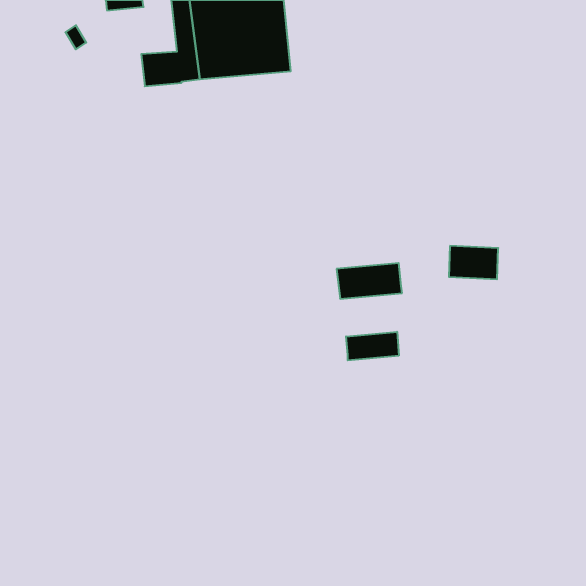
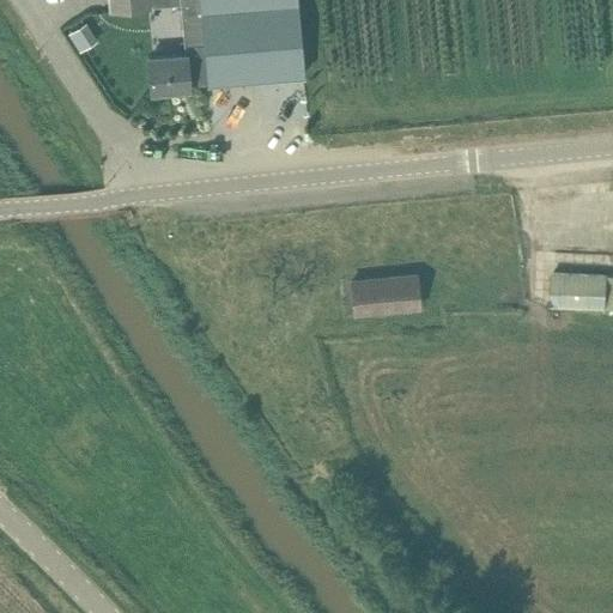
building: [449,246,498,279] -> [554,273,606,308]
building: [346,332,399,360] -> none

